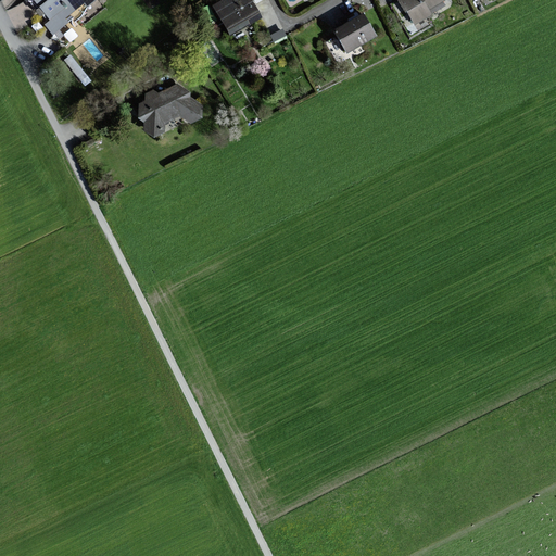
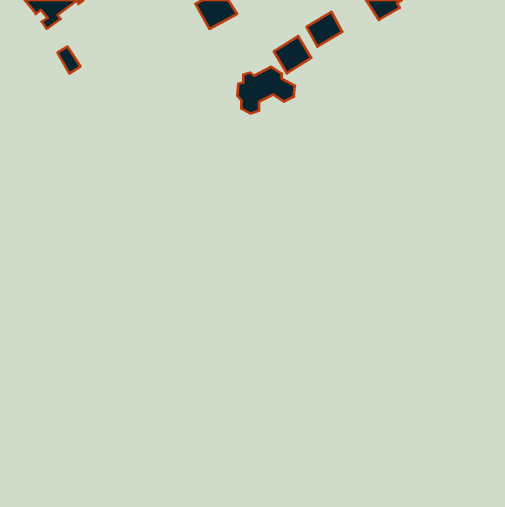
building: none -> [274,36,311,73]
building: [139,84,202,135] -> [237,67,295,113]

